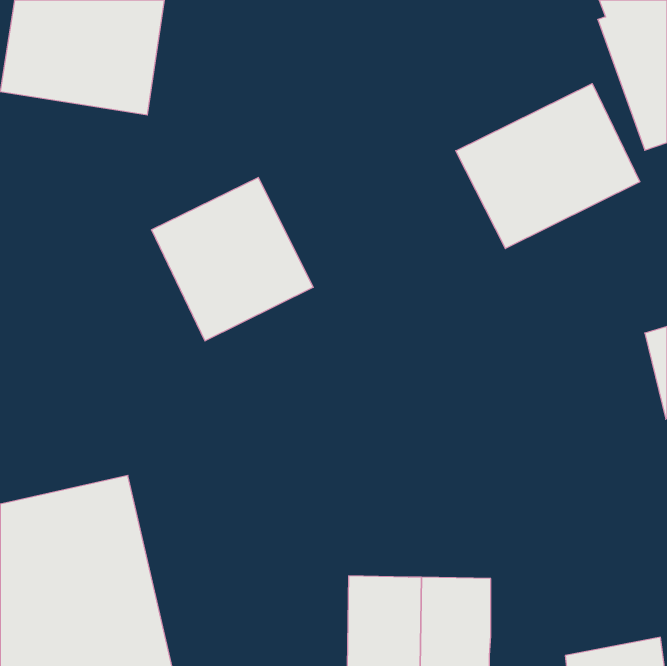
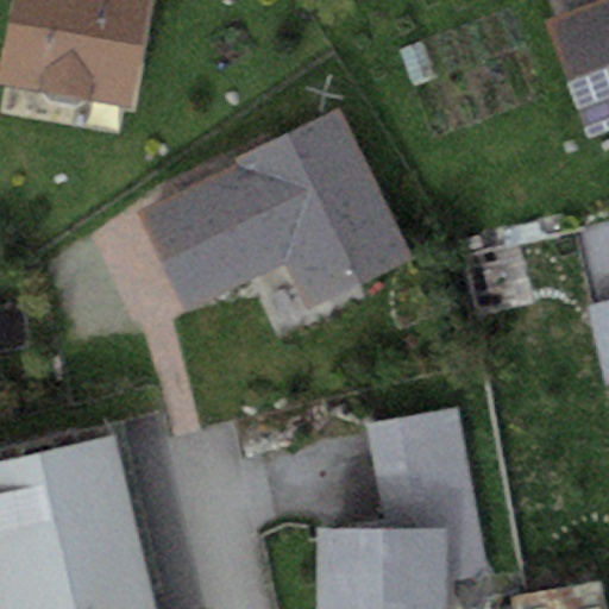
building: [456,84,640,249] -> none
building: none -> [234,106,415,308]
building: none -> [368,409,489,580]

